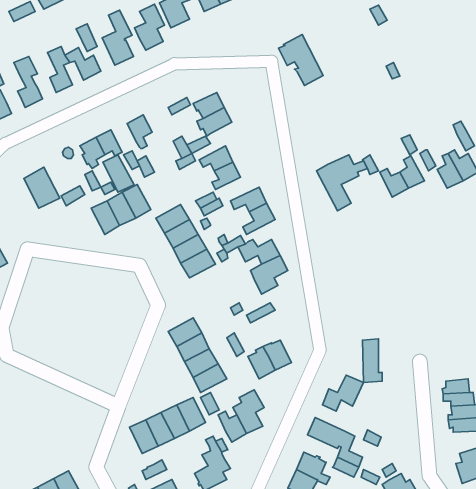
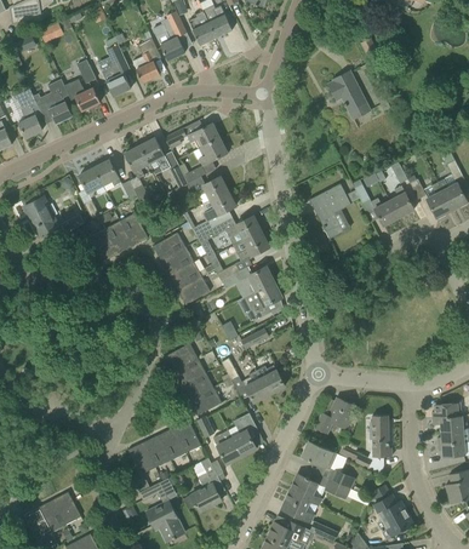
building: [278,34,323,85] -> [327,70,371,120]
building: [103,155,134,192] -> [141,138,171,175]
building: [362,339,382,383] -> [372,414,391,457]

